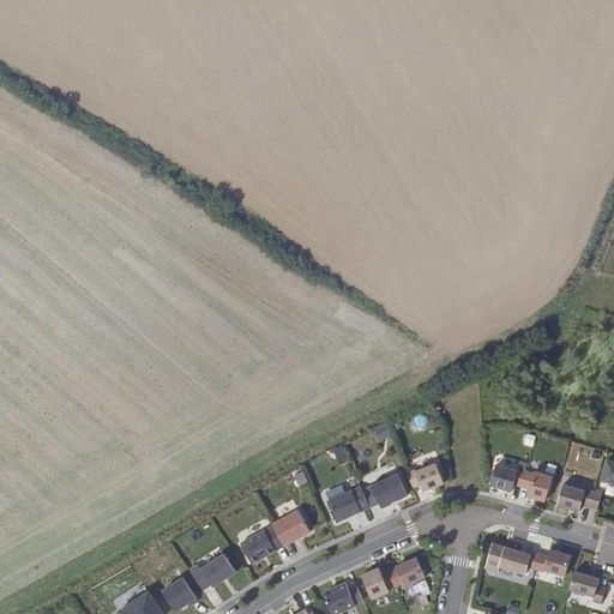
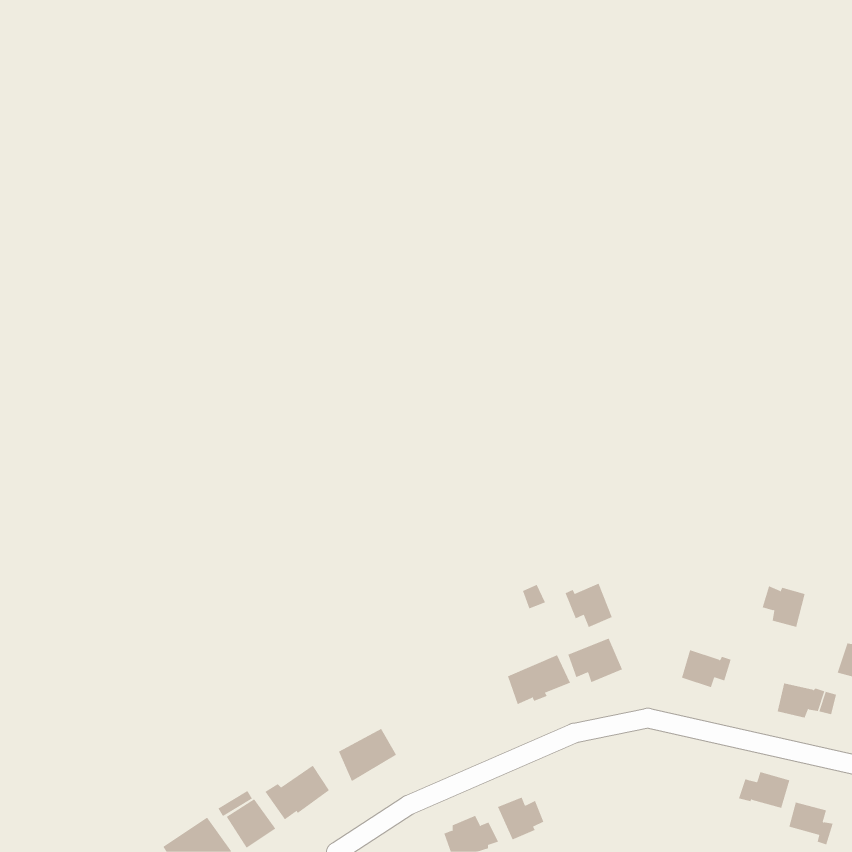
building: none -> [565,583,612,628]
building: [522,472,553,502] -> [762,586,805,627]
building: [329,481,373,519] -> none
building: [276,505,314,543] -> none
building: [496,550,536,577] -> none
building: [386,556,419,589] -> none

